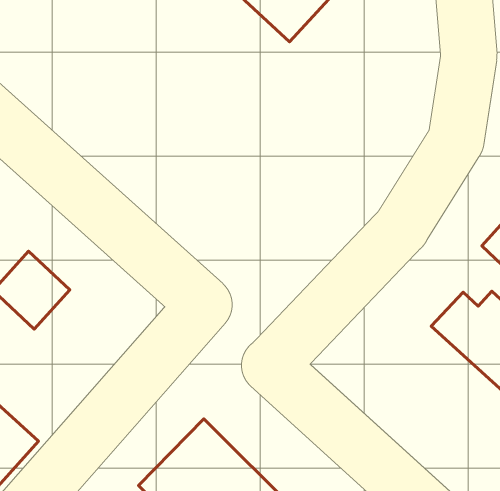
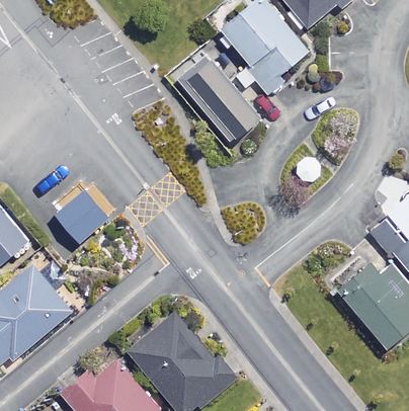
building: none -> [178,58,260,145]

